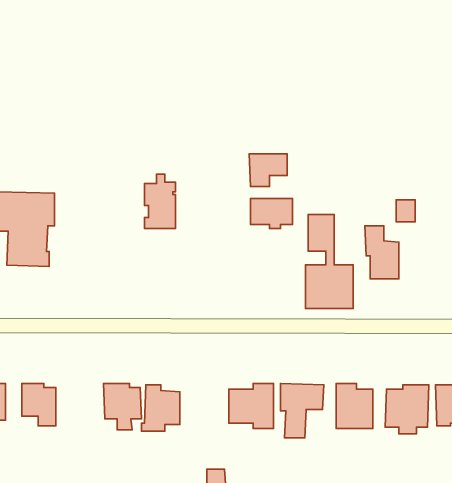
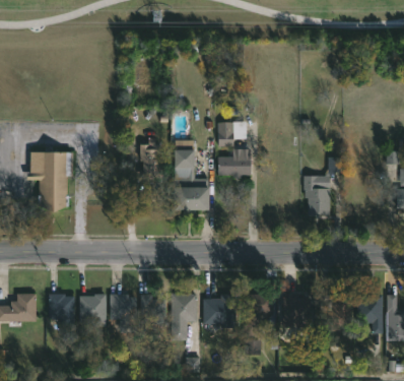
building: [306,215,353,308] -> [173,140,208,210]
building: none -> [79,294,106,326]
building: none -> [171,294,197,340]

